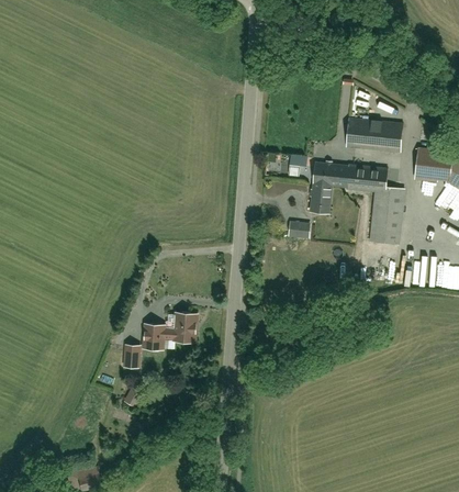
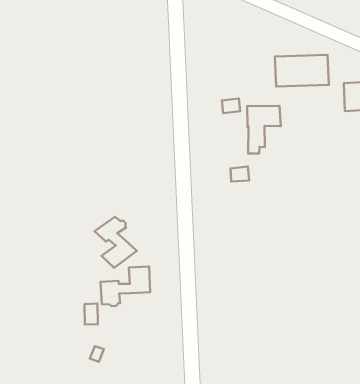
building: [345,165,403,244] -> none
building: none -> [95,217,137,268]

